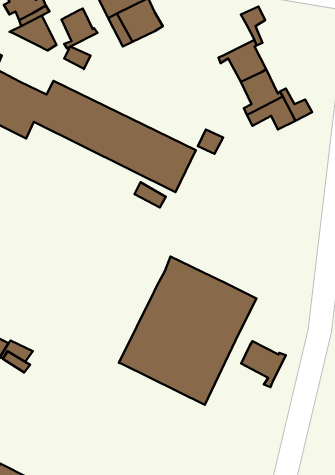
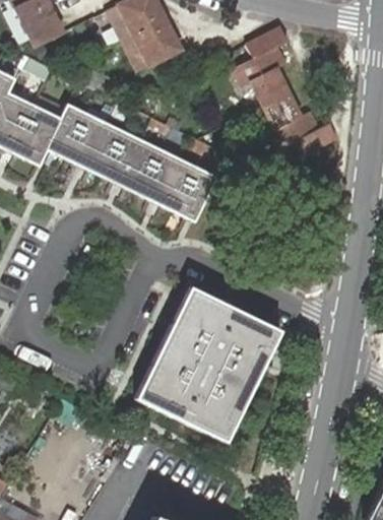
building: [61,9,97,48] -> none
building: none -> [234,36,277,80]
building: [241,341,286,387] -> none

